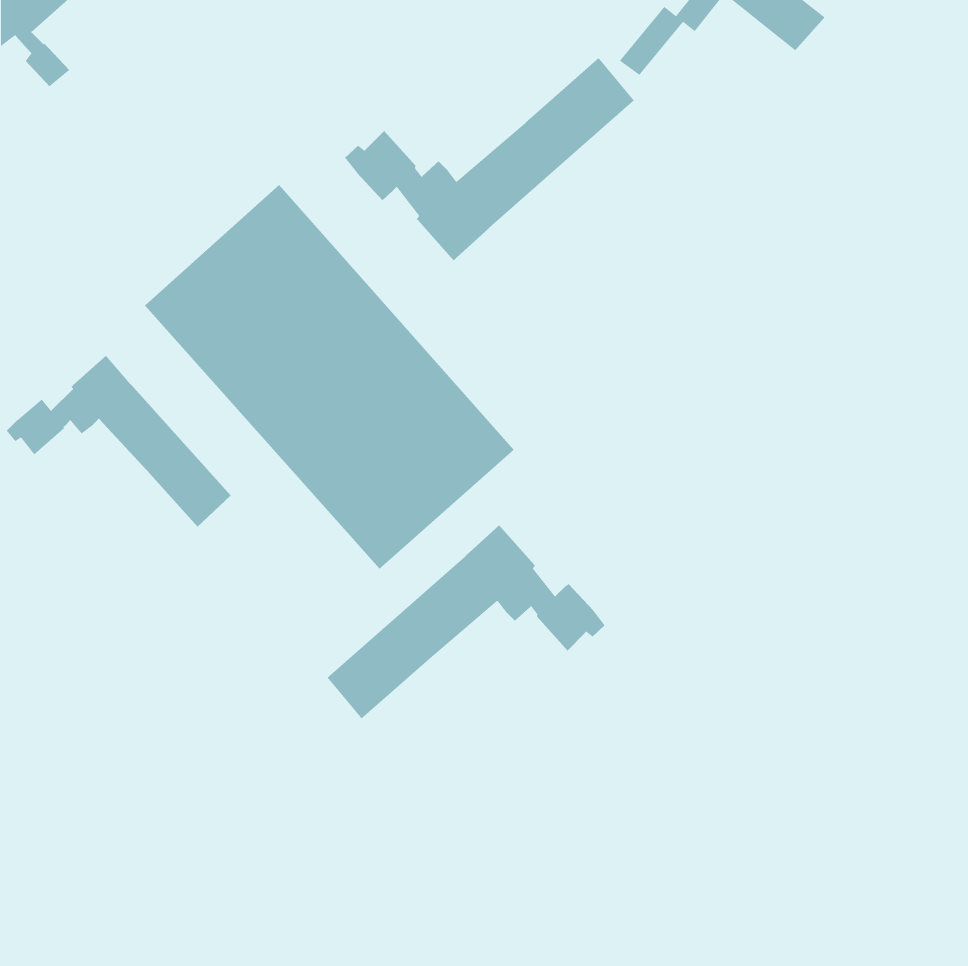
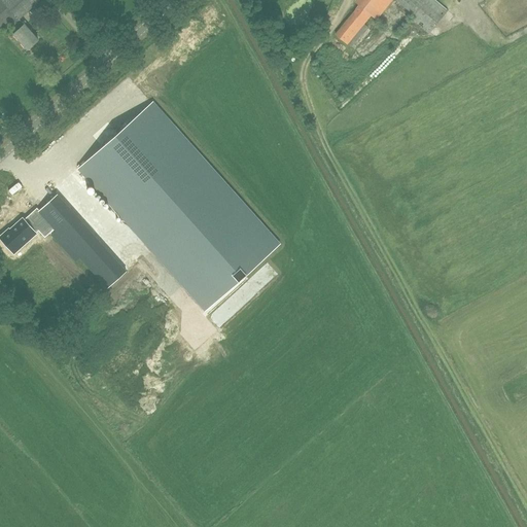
building: [344,57,635,261] -> none
building: [327,524,606,720] -> none

